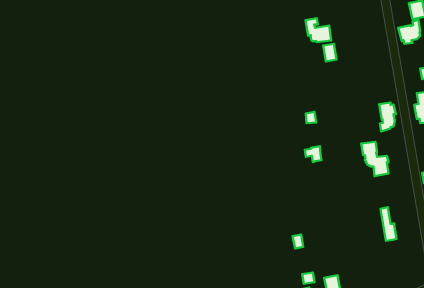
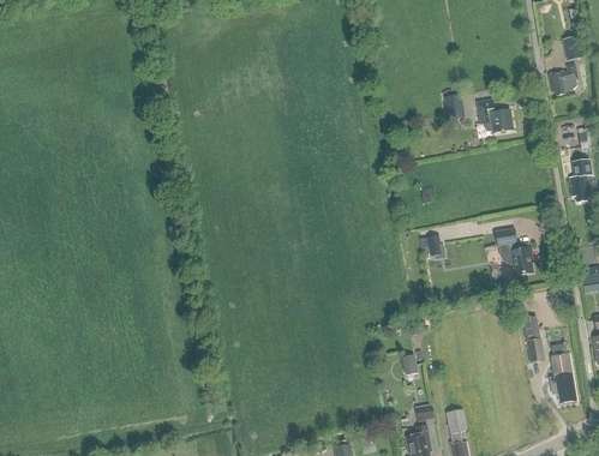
building: [305,18,331,42] -> [477,98,511,131]
building: [379,102,396,132] -> none
building: none -> [550,353,575,402]

